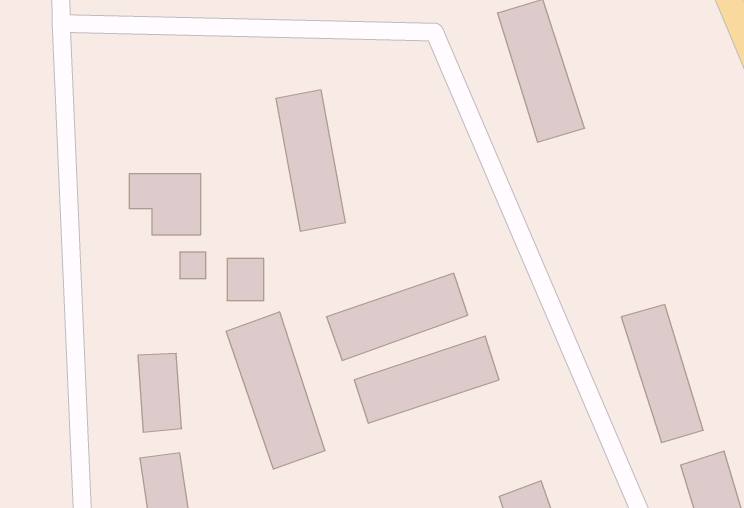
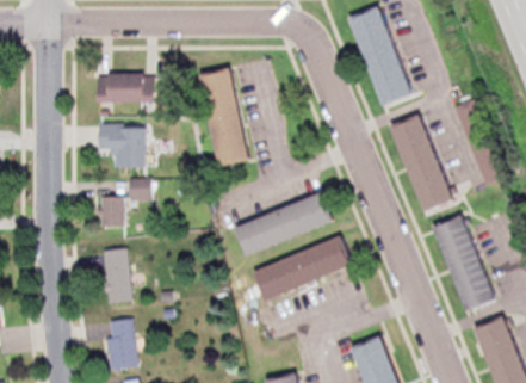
building: none -> [97,74,154,103]
building: none -> [389,116,450,211]
building: [227,259,264,301] -> [101,197,126,226]
building: [226,312,325,469] -> none

